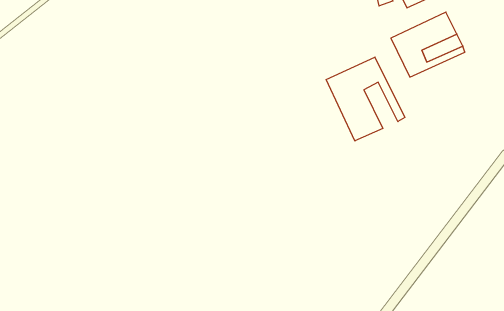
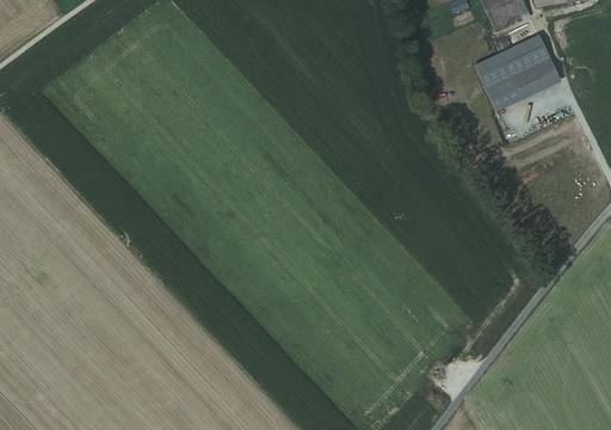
building: [326,57,405,141] -> none

